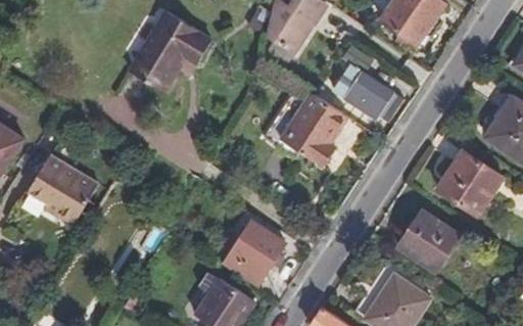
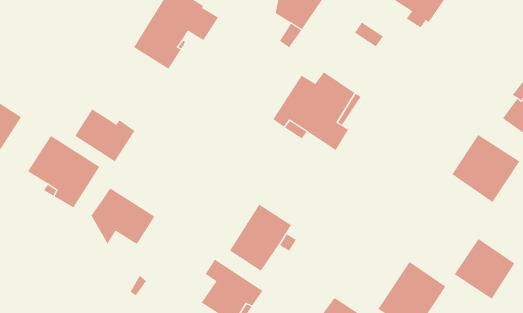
building: [335,63,406,115] -> none
building: none -> [75,108,135,162]
building: none -> [91,187,155,245]
building: [398,213,458,272] -> [454,238,515,300]

